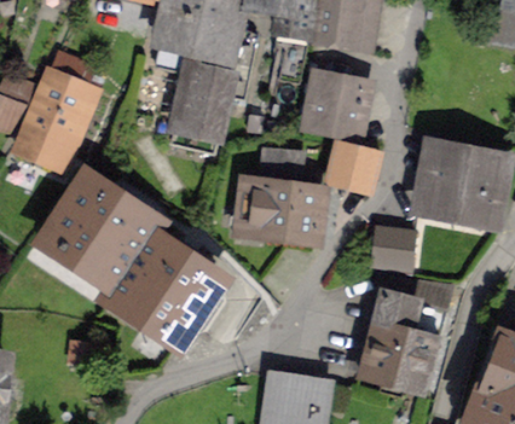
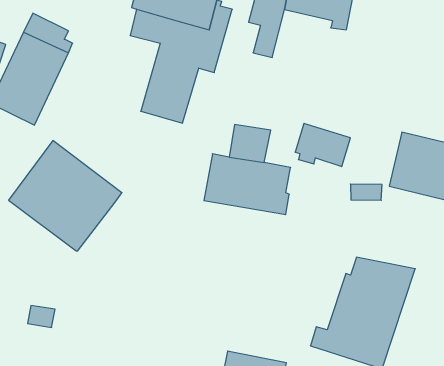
building: [308,79,365,133] -> none
building: [372,228,413,271] -> none
building: [108,236,220,343] -> none

